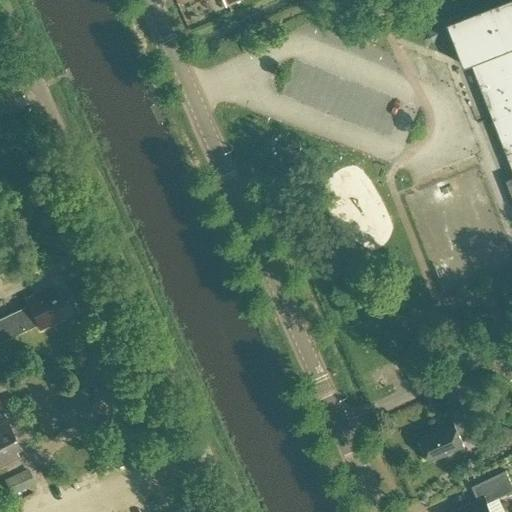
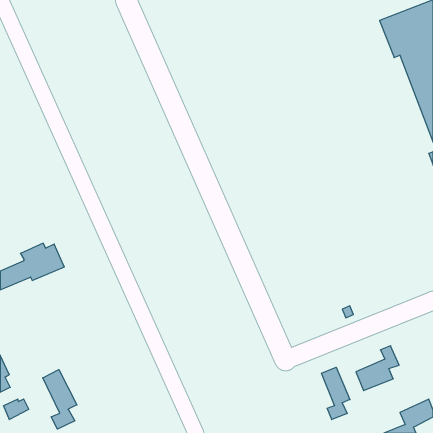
building: none -> [322,367,350,420]
building: none -> [43,370,77,429]

